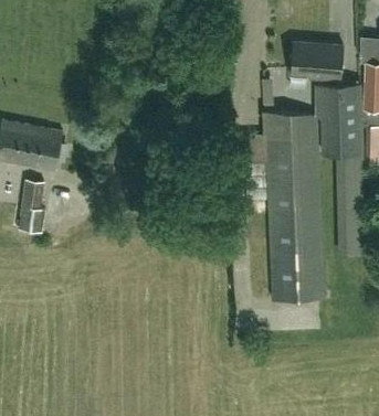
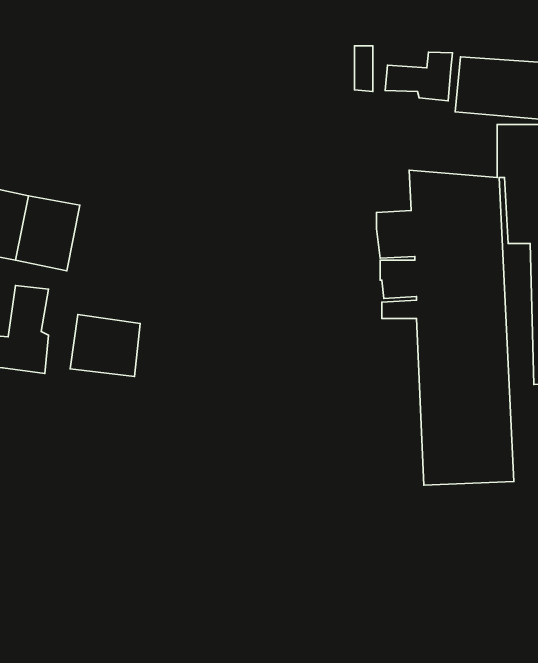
building: none -> [385,52,452,101]
building: none -> [70,315,140,376]

